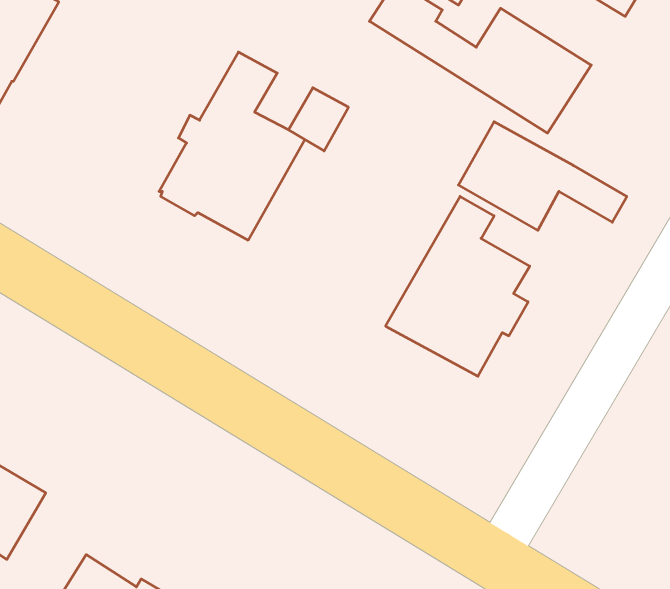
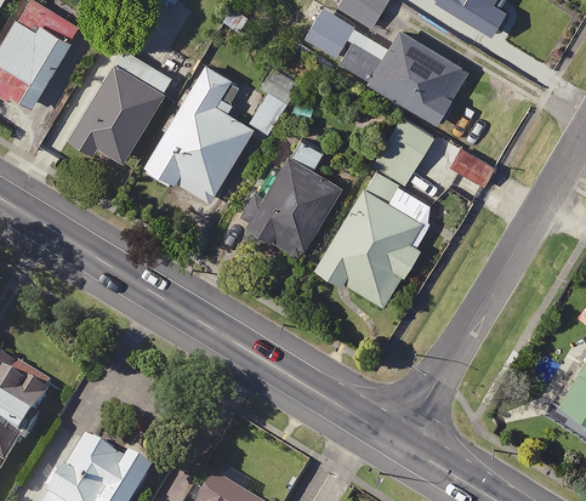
building: none -> [73,50,171,159]
building: none -> [246,137,338,256]

